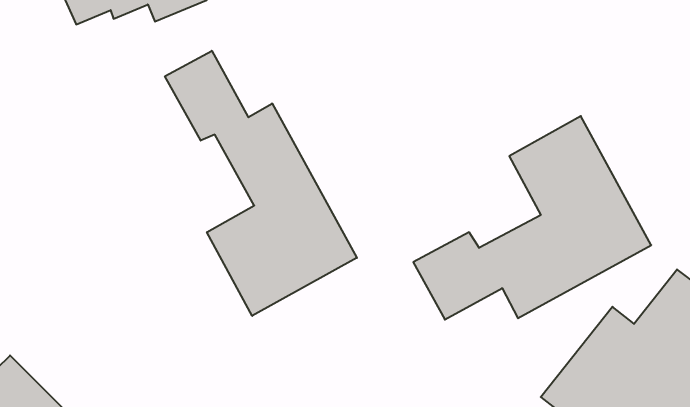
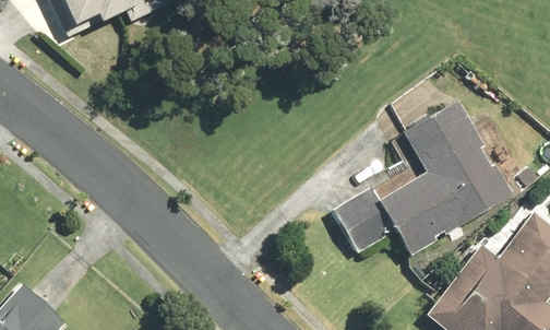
building: [165,51,357,316] -> none

